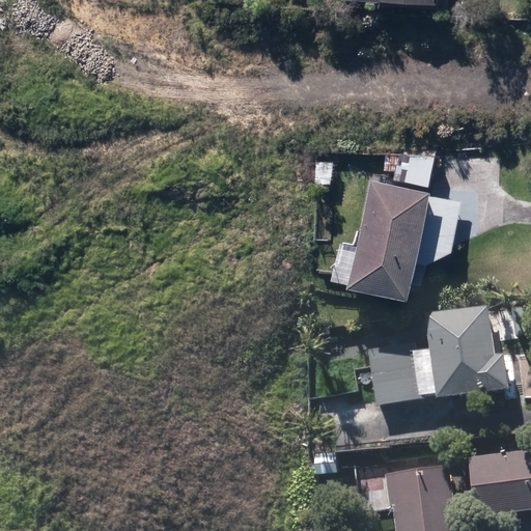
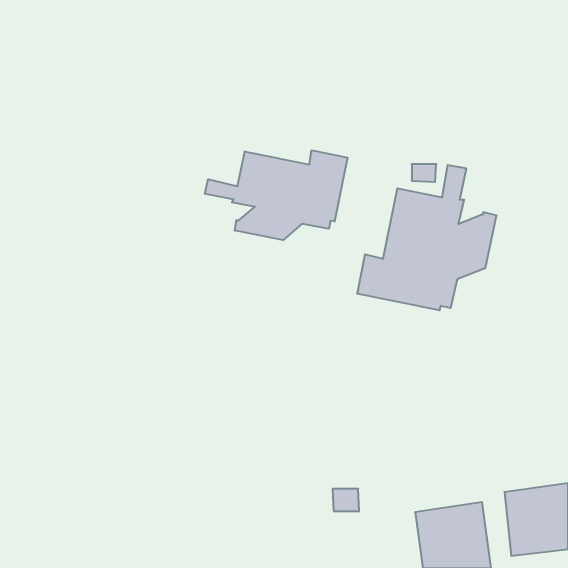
building: none -> [205,150,348,240]
building: [368,306,508,404] -> none

